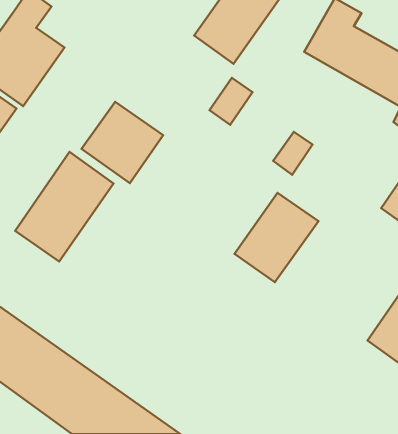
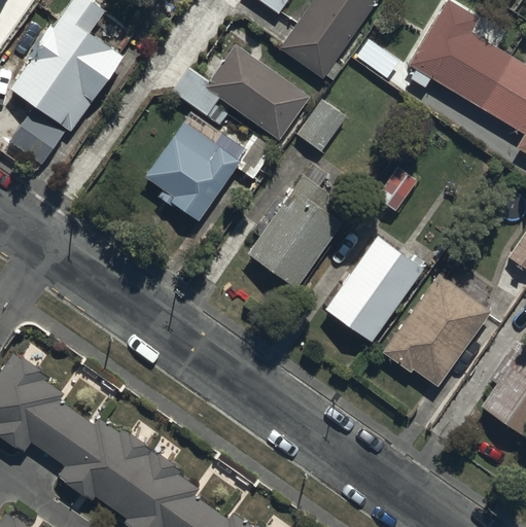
building: none -> [169,46,311,142]
building: none -> [244,175,342,290]
building: [15,152,114,261] -> none
building: none -> [384,272,491,386]

